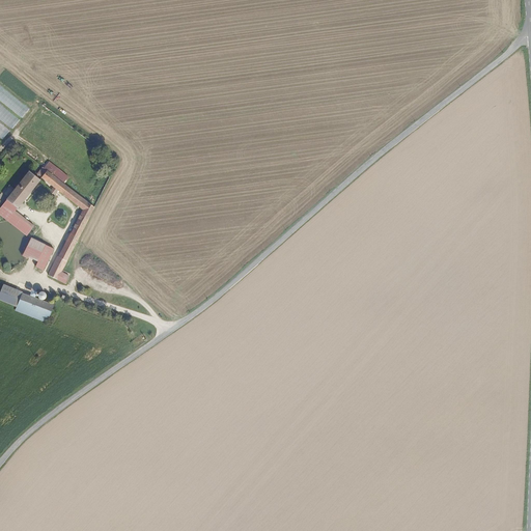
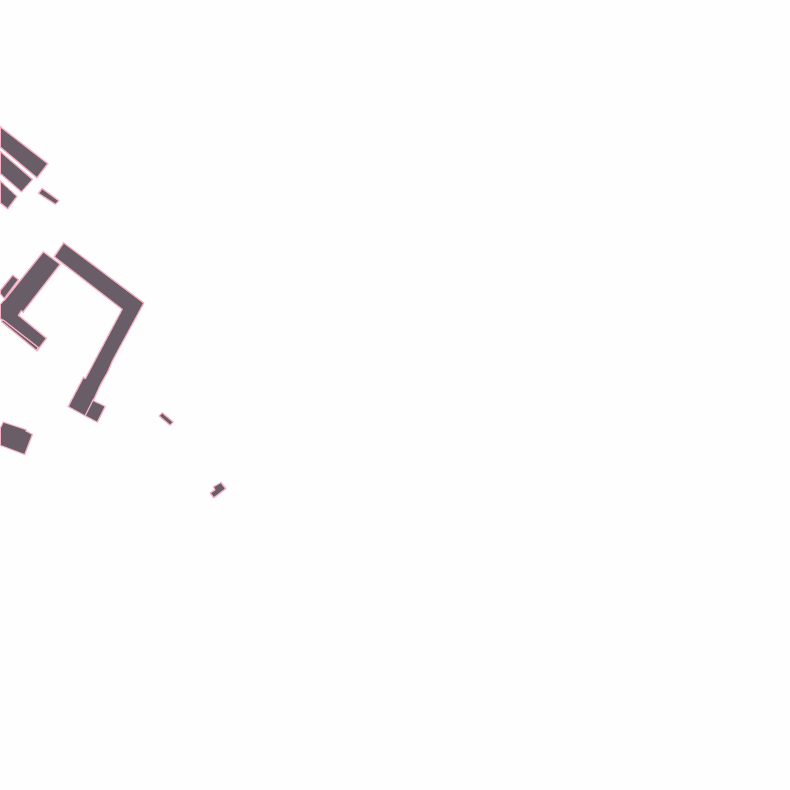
building: [22,239,51,272] -> none
building: [15,291,55,323] -> none

